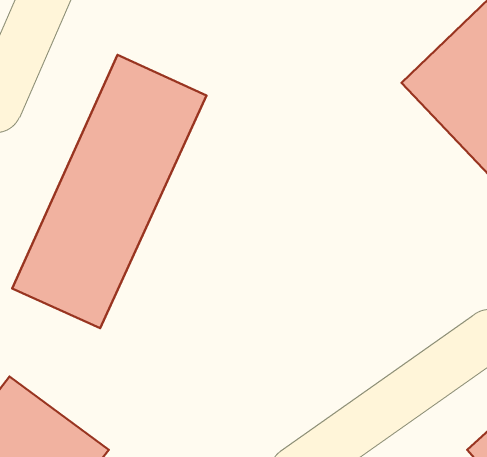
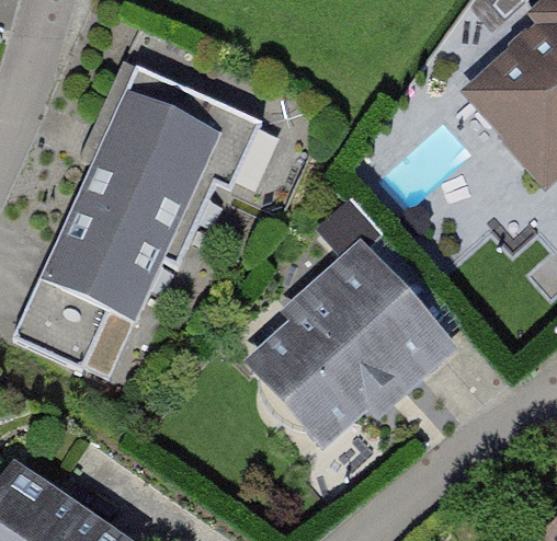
building: none -> [231,239,451,450]

